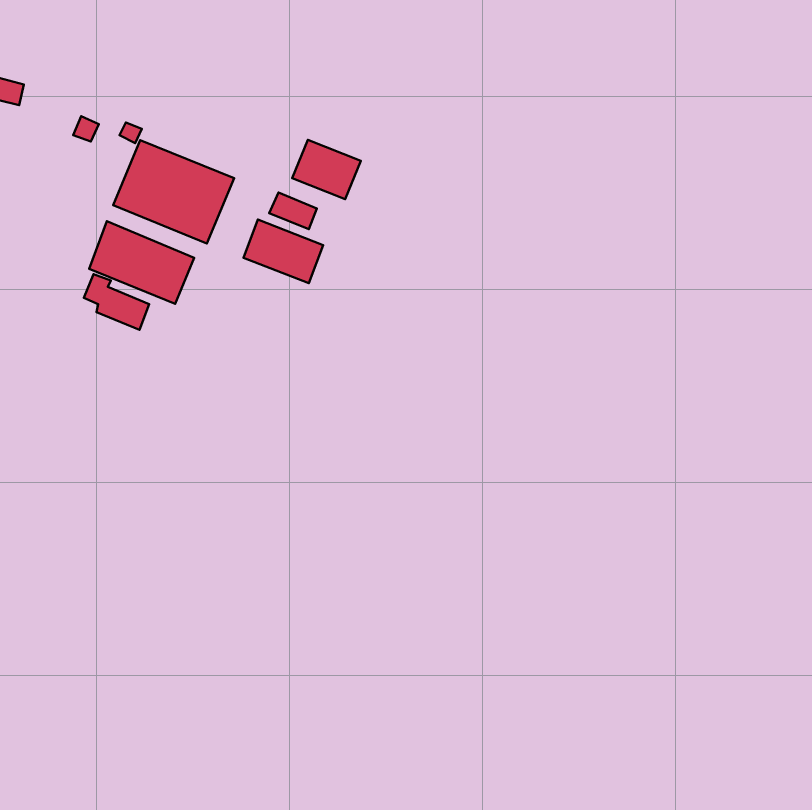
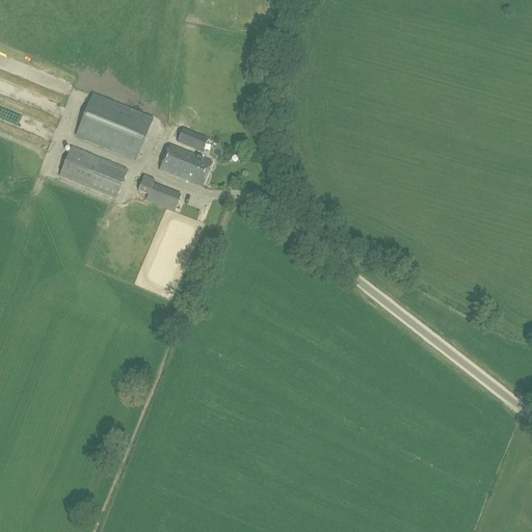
building: [292,140,361,199] -> none
building: [84,274,149,330] -> [137,174,180,210]

